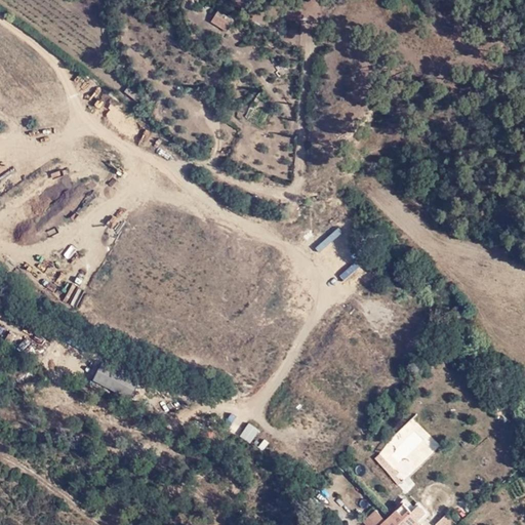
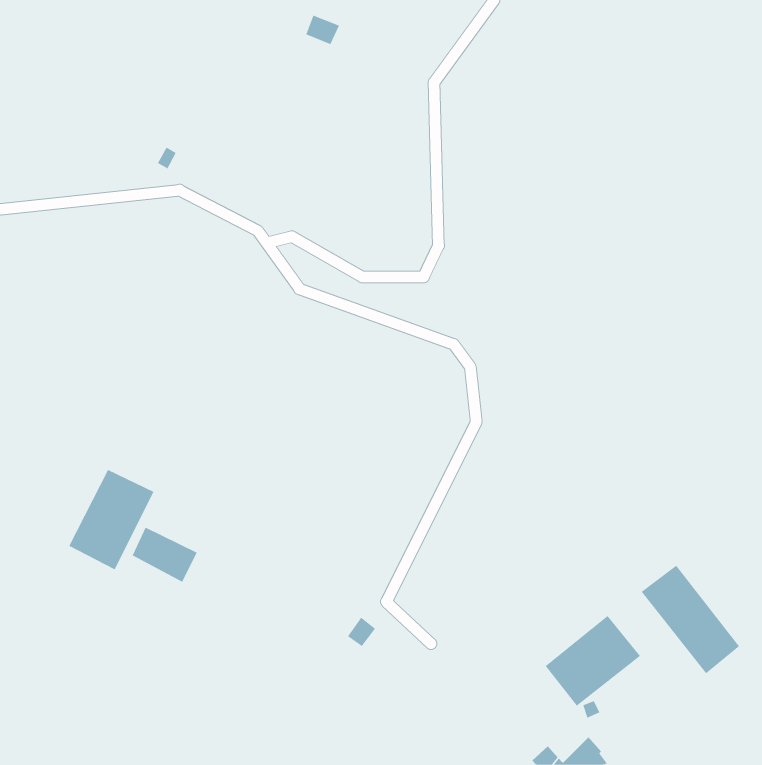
building: none -> [68,469,154,570]
building: none -> [641,565,740,674]

